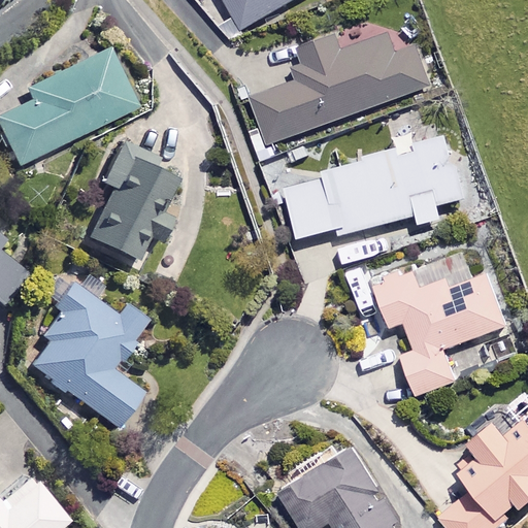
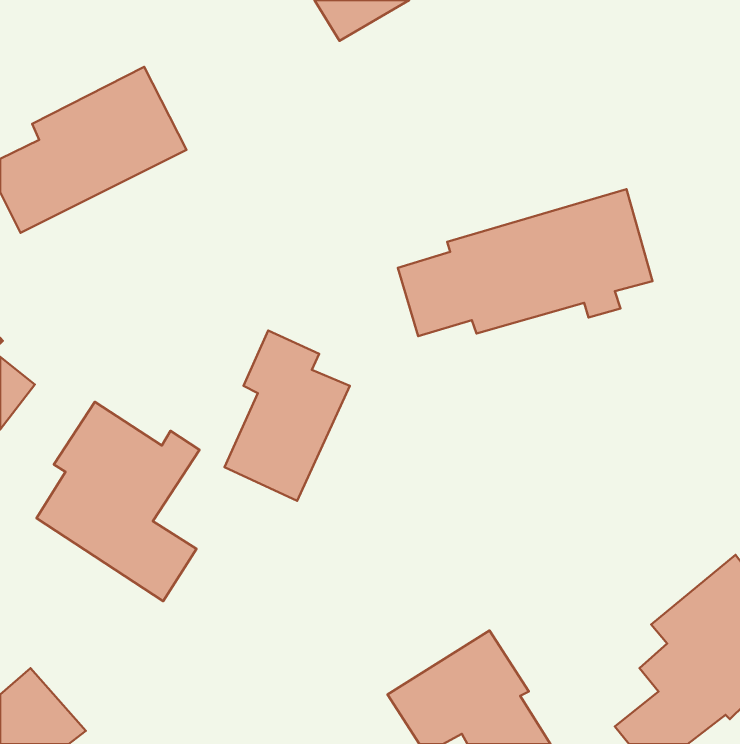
building: [253,20,432,143] -> none
building: [86,140,174,261] -> [224,330,350,501]
building: [372,268,509,395] -> none

